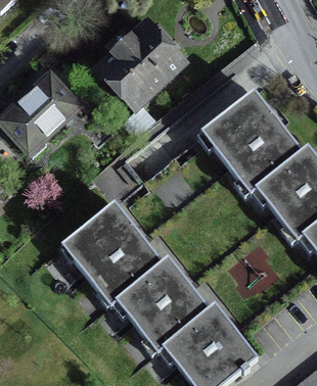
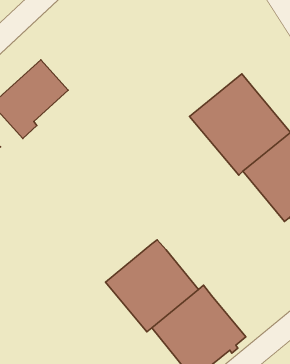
building: [100,23,181,106] -> none
building: [61,201,163,304] -> none

